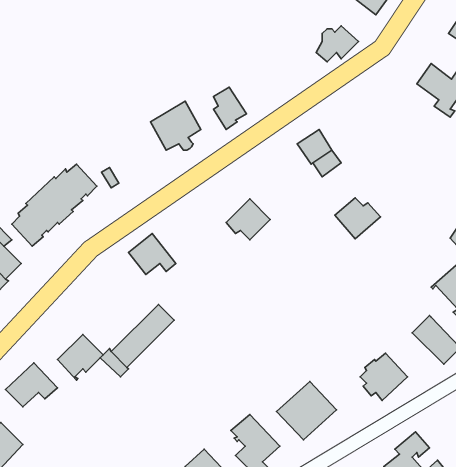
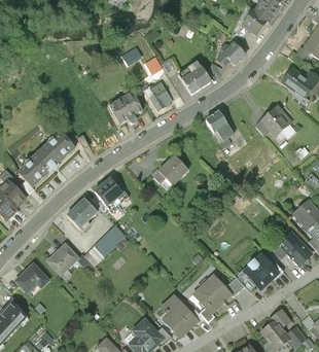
building: none -> [182,67,211,93]
building: [335,198,380,239] -> [261,108,291,135]
building: none -> [66,199,96,228]

